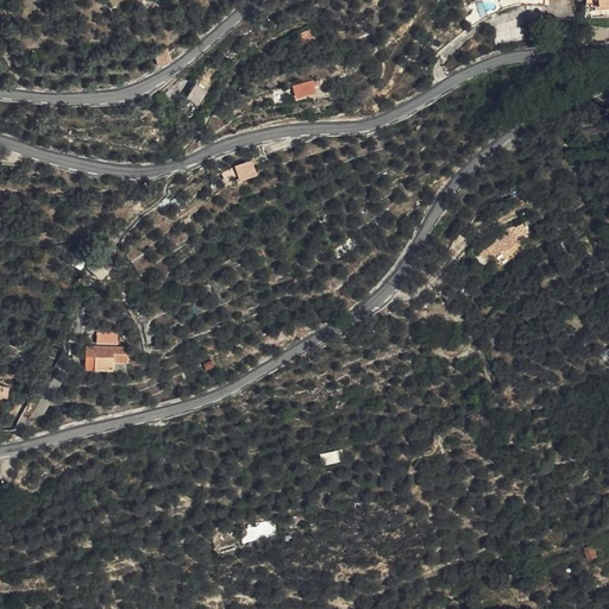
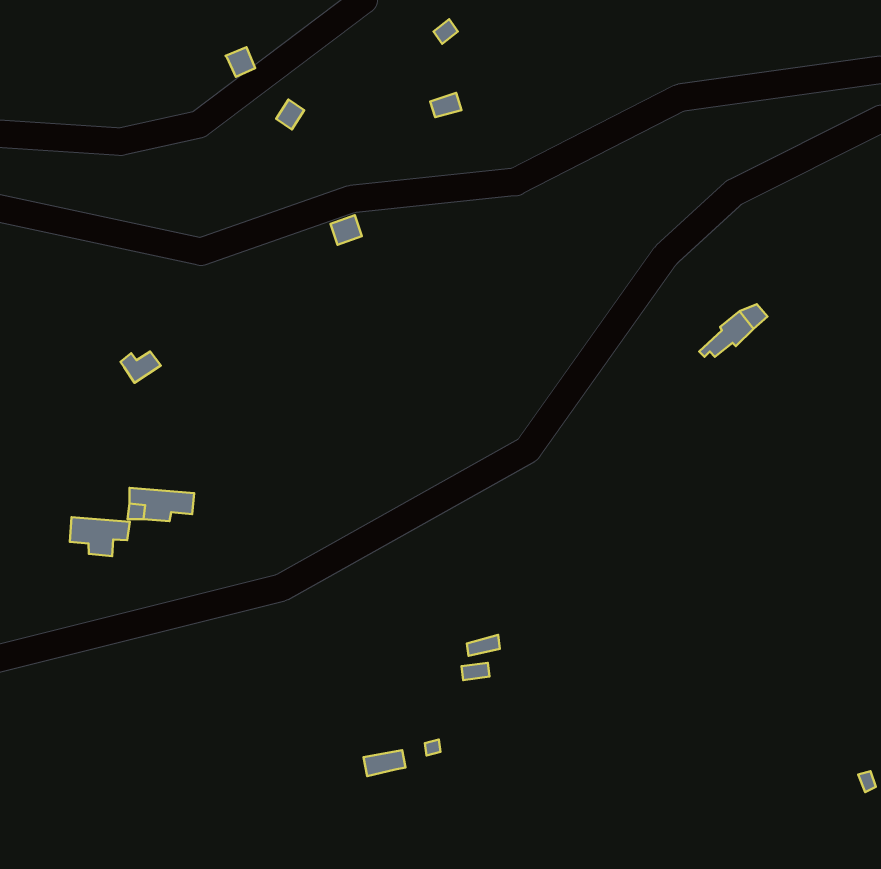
building: none -> [70,517,130,556]

